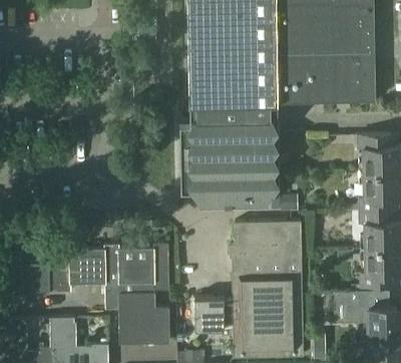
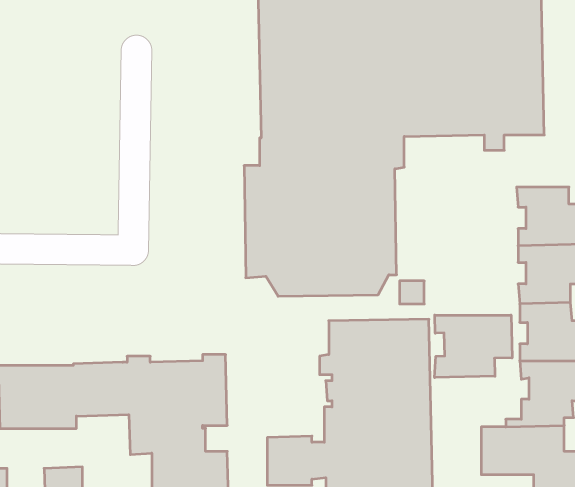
building: none -> [435,315,512,378]

